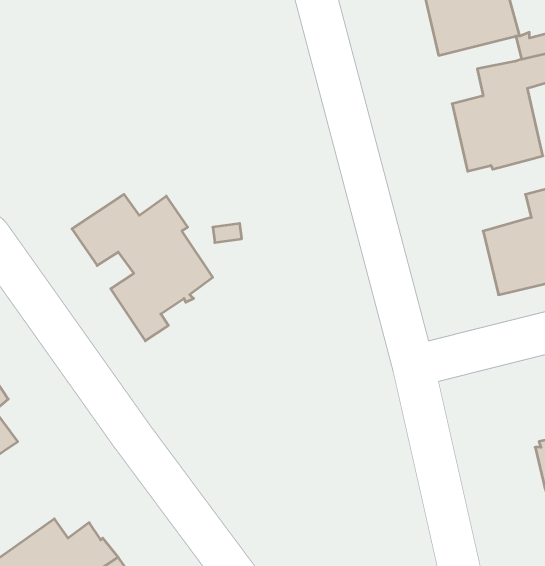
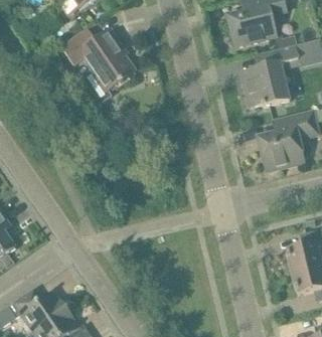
building: [72,194,213,341] -> [60,26,134,103]

